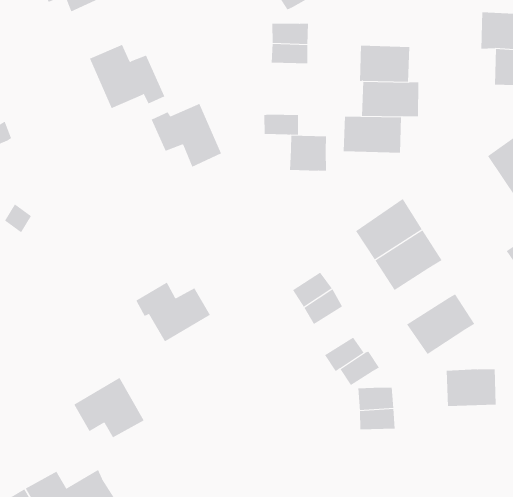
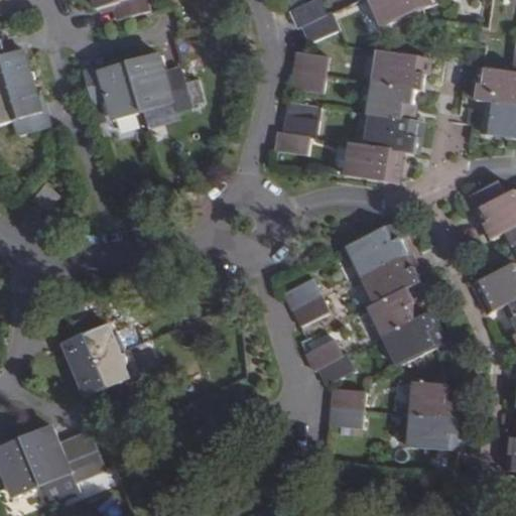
building: none -> [371,49,427,90]
building: [151,103,222,167] -> [83,63,142,120]
building: [289,135,327,171] -> [282,102,319,138]
building: none -> [368,288,421,336]
building: [135,282,211,342] -> [54,316,120,370]
building: none -> [405,413,461,450]

